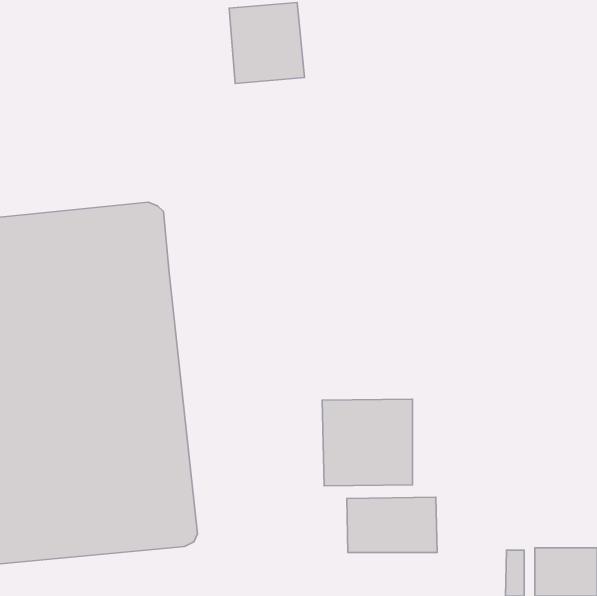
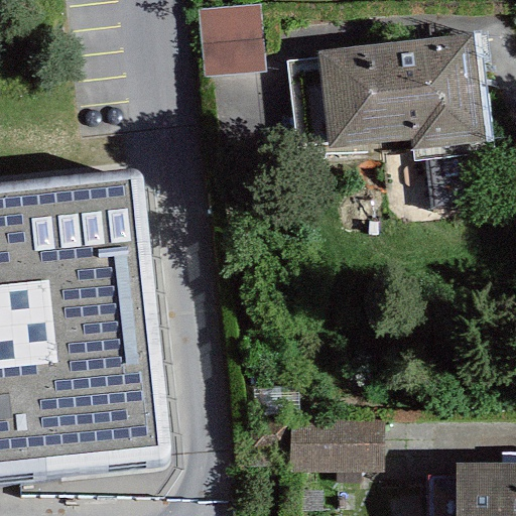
building: none -> [316,33,485,151]
building: [322,399,413,486] -> none

